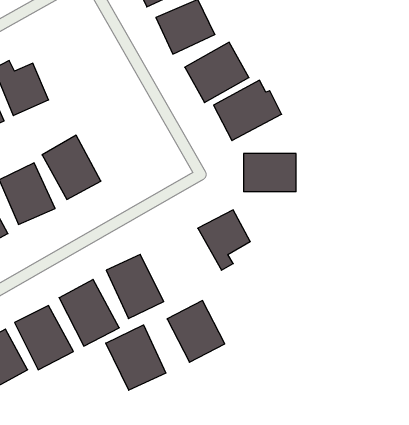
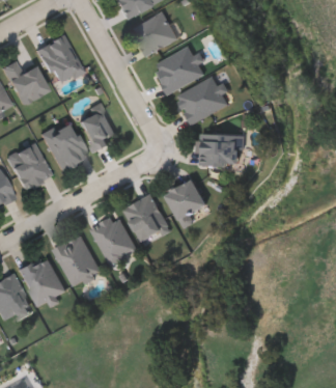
building: none -> [36,33,83,85]
building: none -> [76,103,118,150]
building: [167,301,225,362] -> [124,194,170,243]
building: [106,325,166,390] -> none

